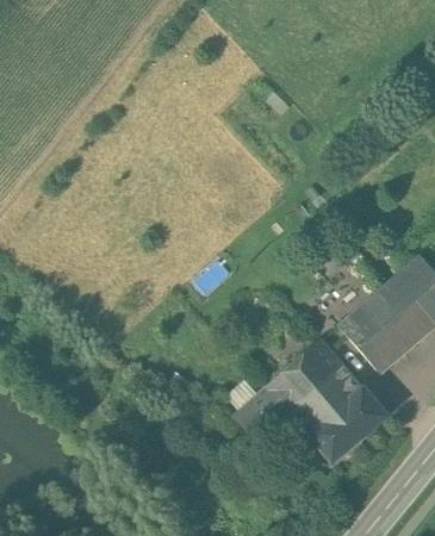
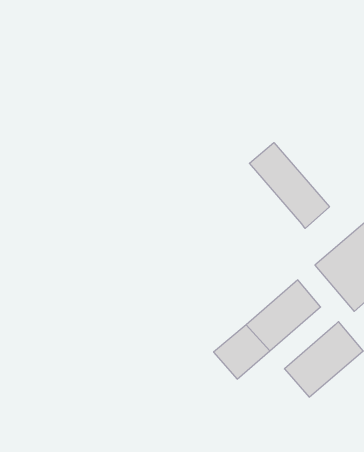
building: none -> [249,143,329,228]
building: [290,368,359,434] -> none

